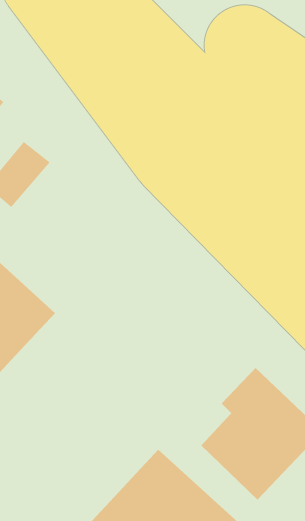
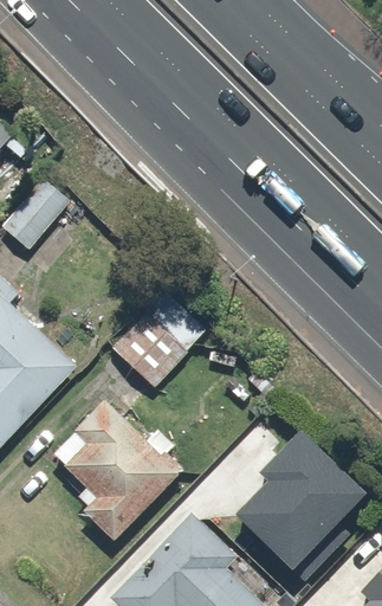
building: none -> [111,292,207,389]
building: none -> [57,405,179,526]

